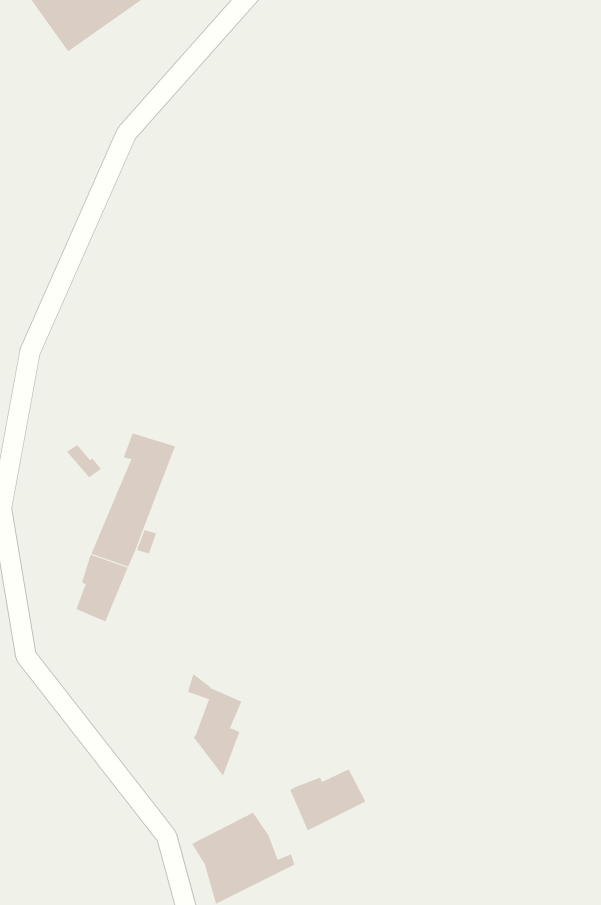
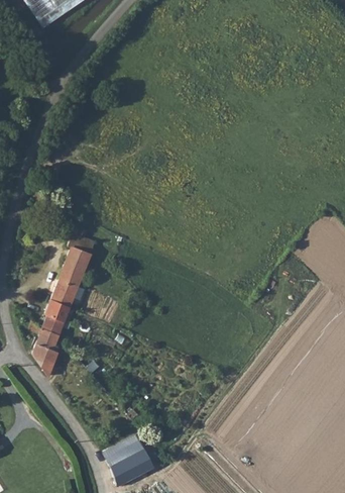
building: [187,673,242,777] -> [29,318,59,374]
building: [289,769,366,831] -> none

